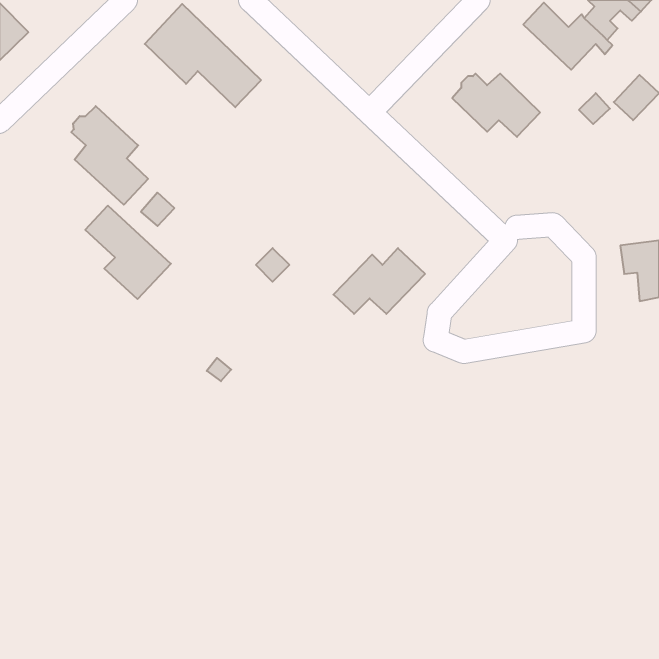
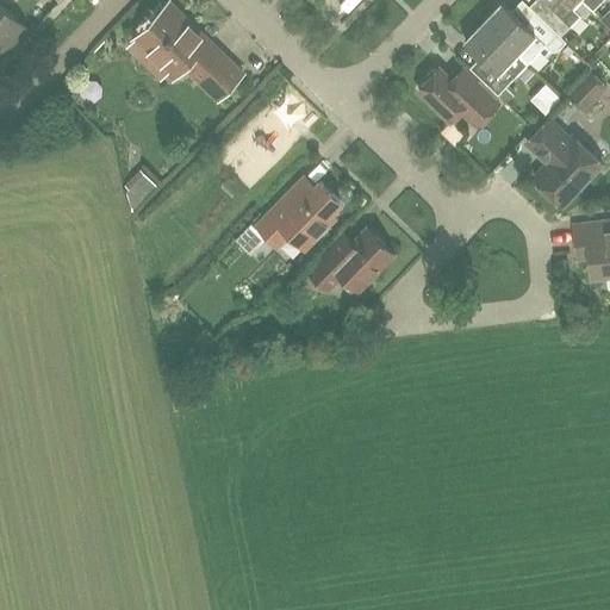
building: none -> [463,24,527,105]
building: [71,106,148,205] -> none
building: none -> [525,120,600,206]
building: none -> [256,178,340,248]
building: [85,206,171,299] -> none

